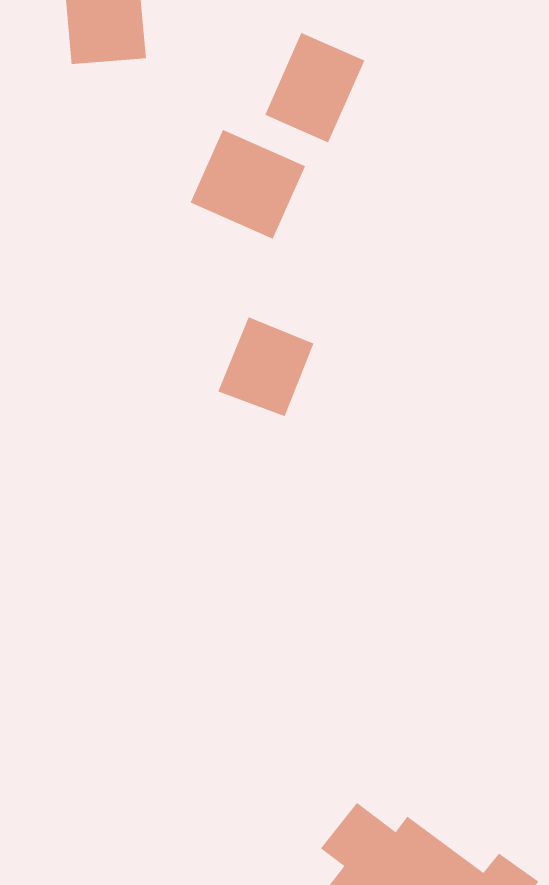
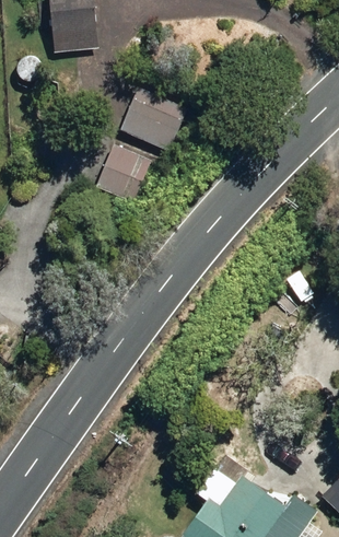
building: [264,32,365,143] -> none
building: [217,316,314,417] -> [95,145,150,202]

